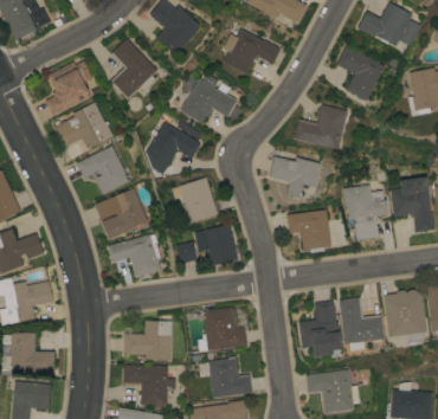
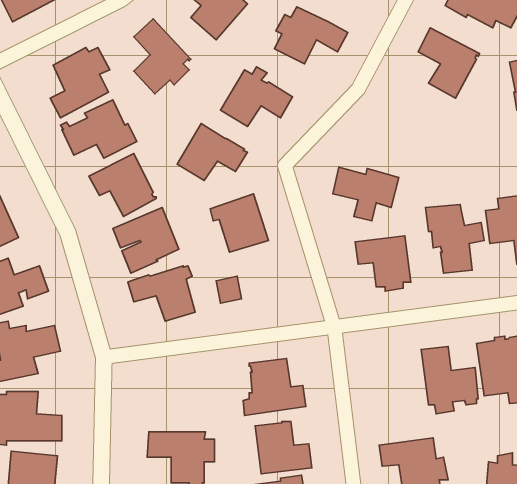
building: [295,104,347,149] -> none
building: [194,224,238,265] -> none
building: [298,301,341,356] -> none
building: [123,320,172,359] -> none

